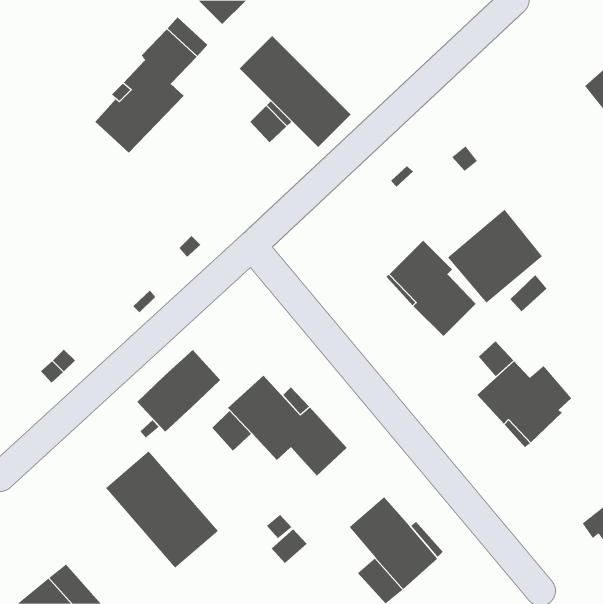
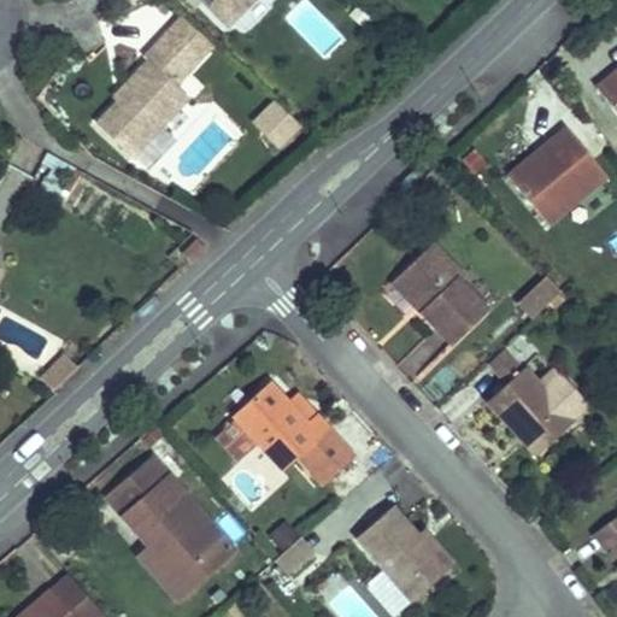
building: [239,35,352,148] -> none
building: [447,209,543,303] -> [509,128,606,224]
building: [136,349,221,433] -> none
building: none -> [141,541,233,599]

